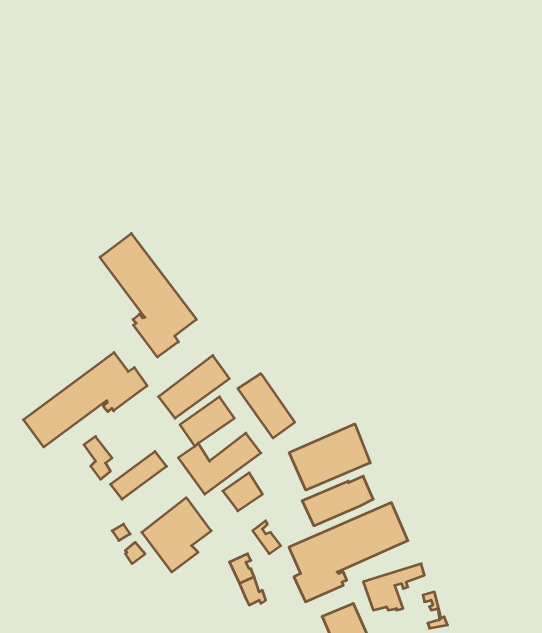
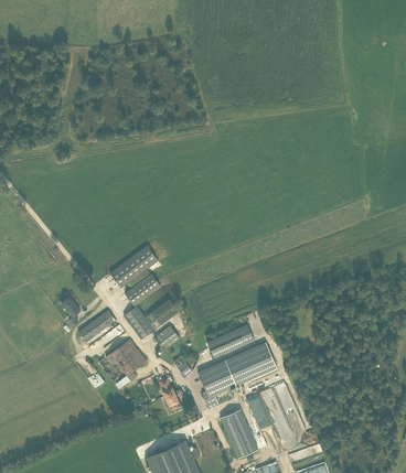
building: [100,233,196,357] -> none
building: [23,352,147,447] -> none
building: [238,374,295,438] -> none
building: [289,424,370,490] -> none

